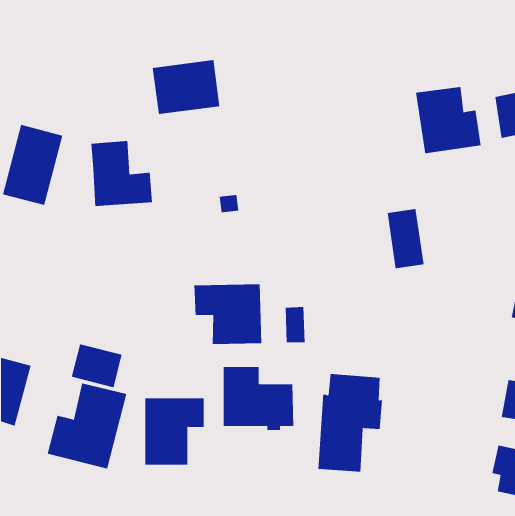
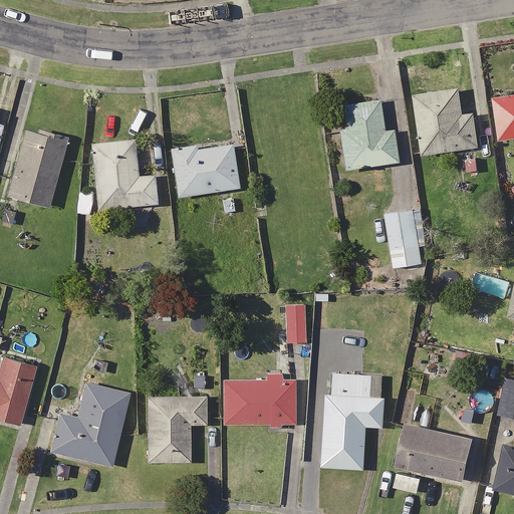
building: [152,60,220,115] -> [171,143,238,197]
building: none -> [338,99,398,171]
building: [194,283,262,345] -> none
building: [71,343,122,388] -> none
building: none -> [395,423,473,481]

